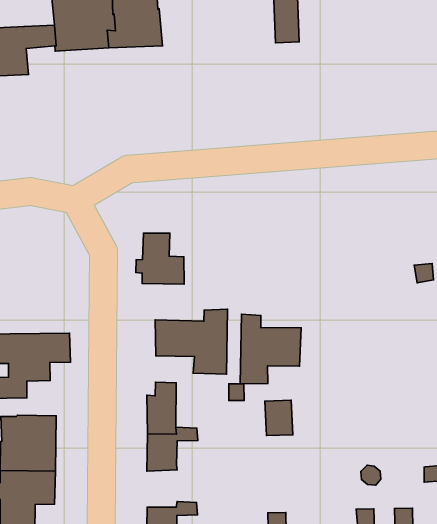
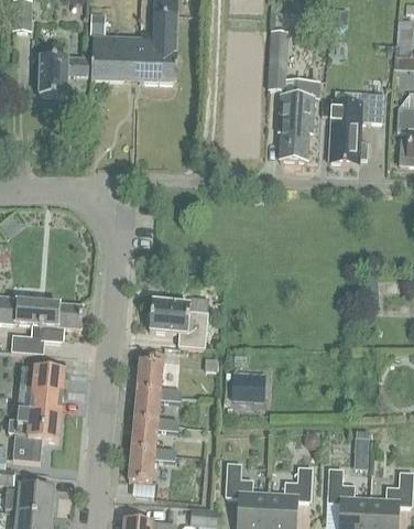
building: none -> [277,78,320,160]
building: none -> [328,91,385,163]
building: [136,233,184,284] -> none
building: [240,314,301,384] -> none
building: none -> [131,418,174,452]

